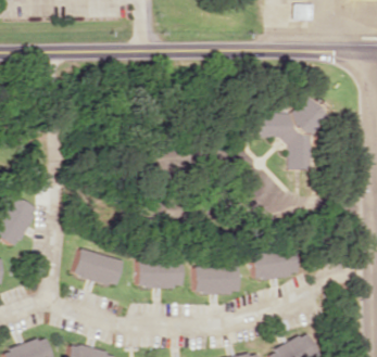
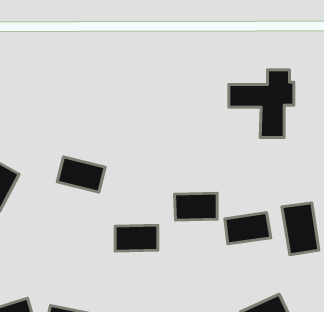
building: none -> [282,203,319,255]
building: [73,248,123,285] -> [57,157,105,192]
building: [193,265,238,293] -> [174,193,217,220]

